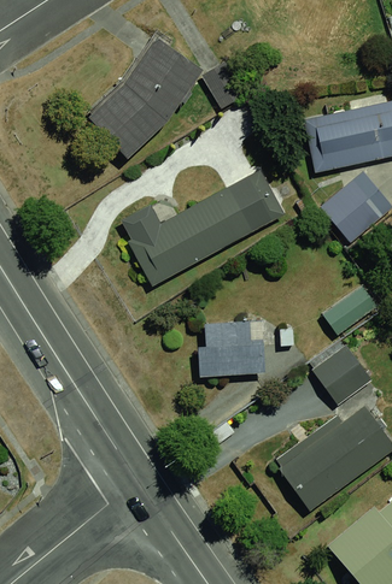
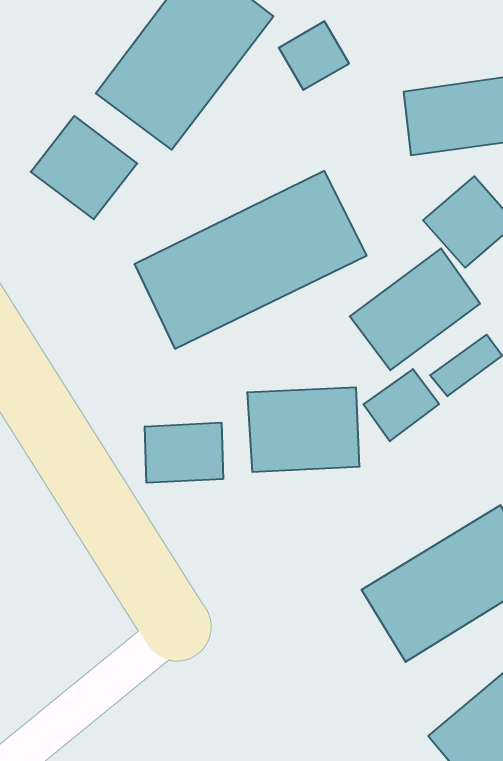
building: none -> [31,116,137,219]
building: none -> [350,248,480,370]
building: none -> [145,423,223,483]
building: [308,347,359,396] -> [363,369,439,441]

